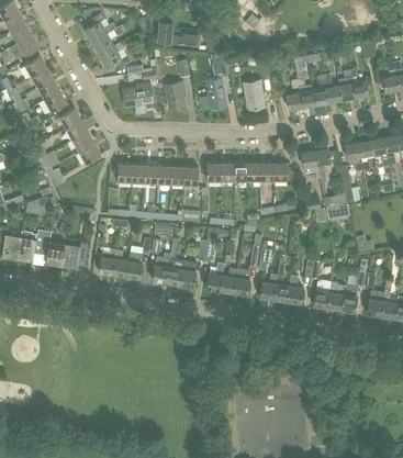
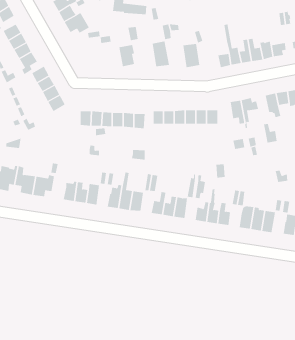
building: [122,82,154,107] -> none

